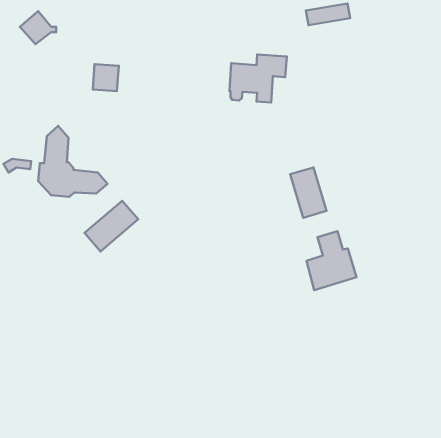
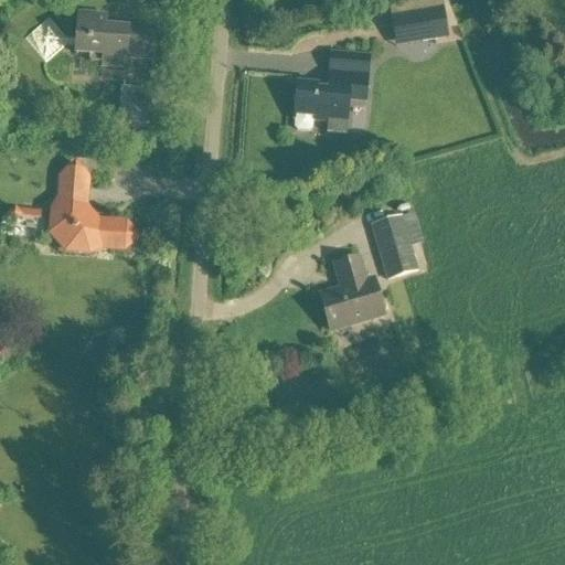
building: none -> [76,8,156,61]
building: [85,201,138,251] -> none
building: [306,231,357,290] -> [321,254,385,329]

